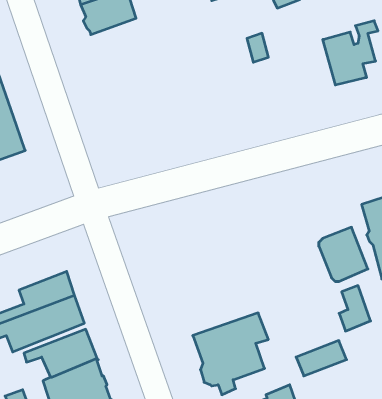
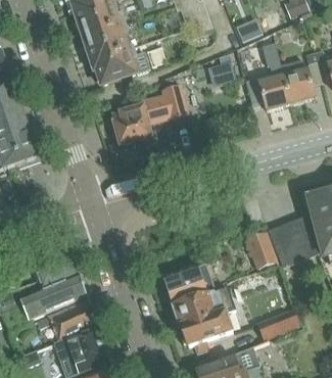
building: none -> [91,47,148,85]
building: none -> [246,51,289,110]
building: none -> [110,84,188,147]
building: none -> [162,257,214,301]
building: [339,286,371,331] -> [250,232,276,269]

